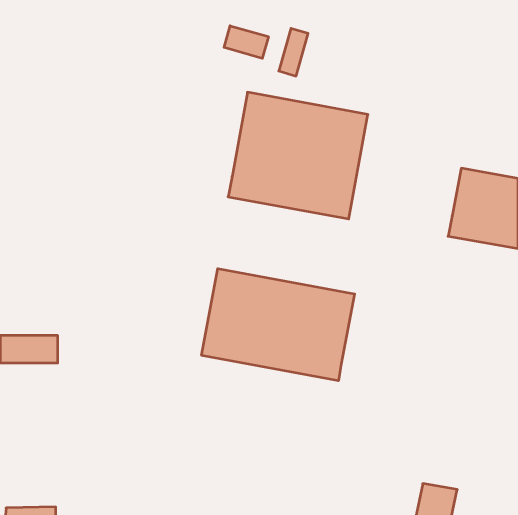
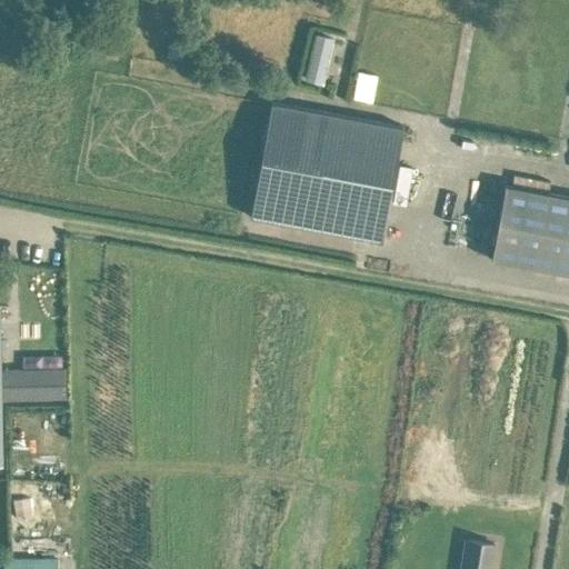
building: [224,26,268,58] -> none
building: [202,269,355,381] -> none

